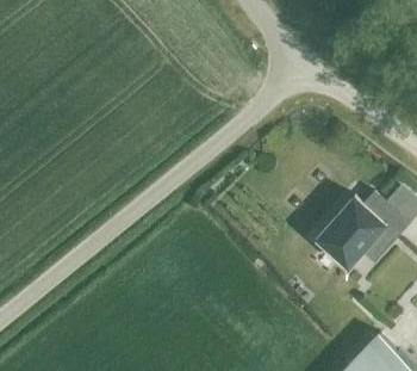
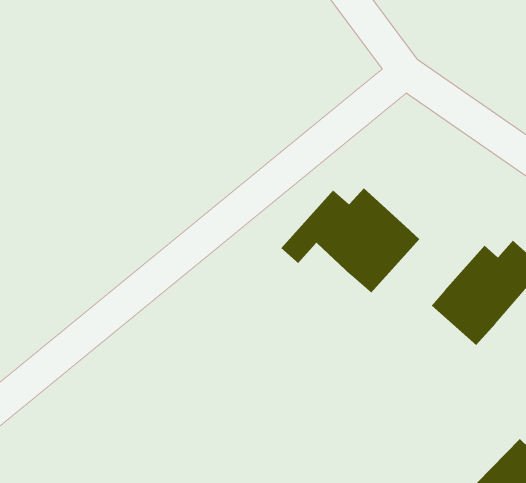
building: none -> [281,188,420,293]

